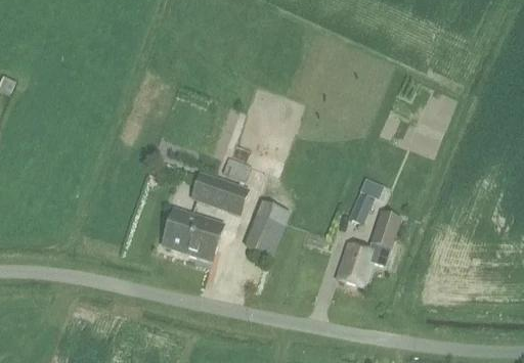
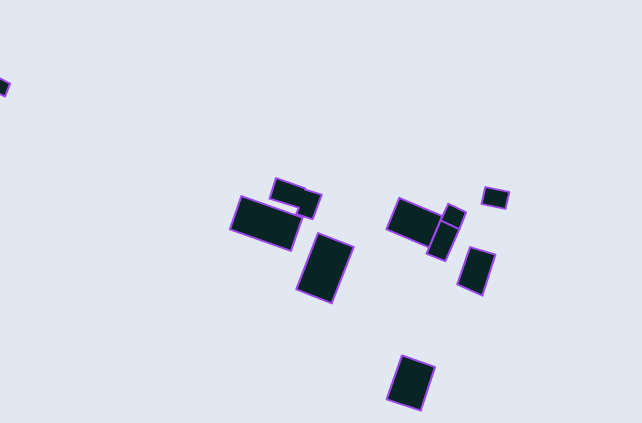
building: none -> [386,198,442,248]
building: [163,209,224,262] -> none
building: [337,243,376,287] -> [387,356,435,411]

